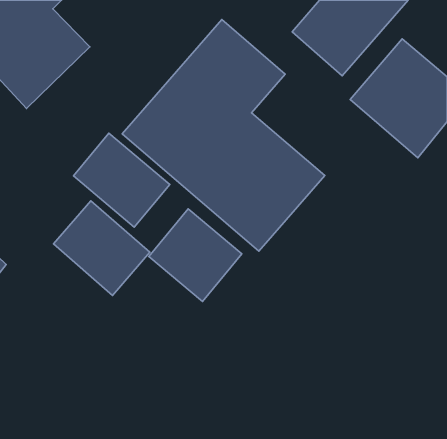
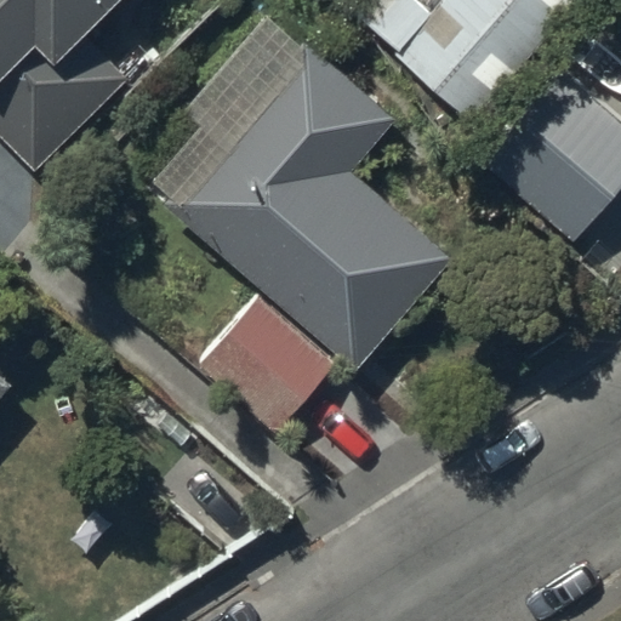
building: [73,133,170,227] -> none
building: [53,201,150,296] -> none

